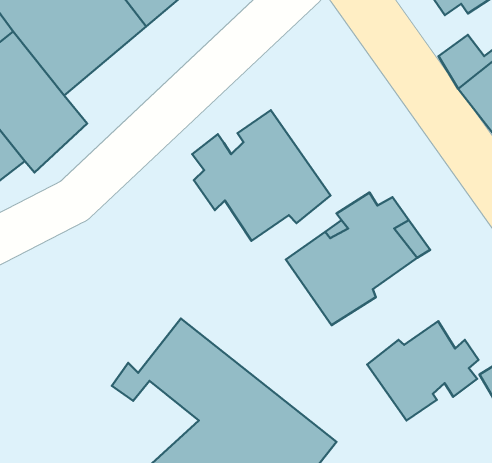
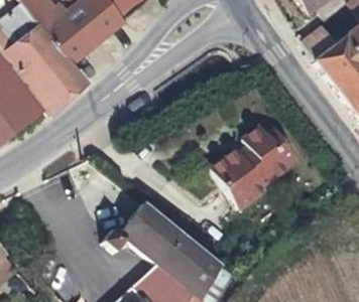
building: [192,110,331,241] -> none
building: [367,321,479,421] -> none

